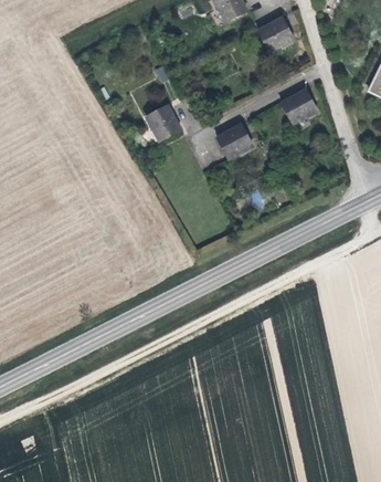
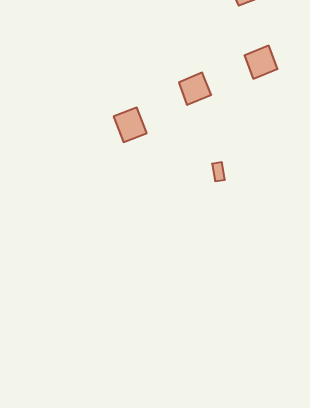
building: [144,95,179,132] -> [114,108,147,142]

